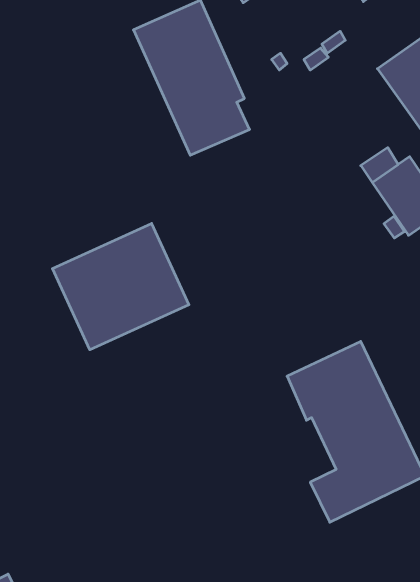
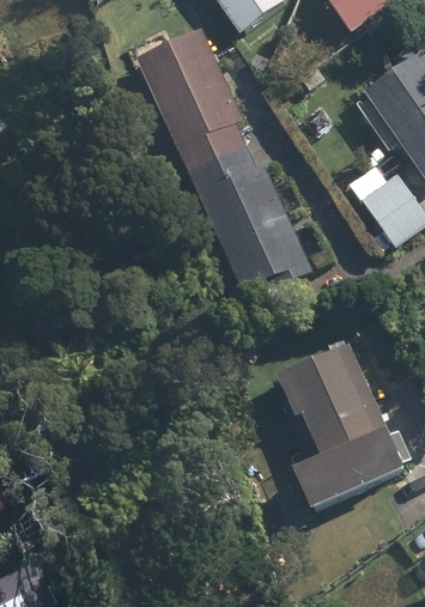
building: none -> [190,148,311,293]
building: [52,223,189,350] -> none

